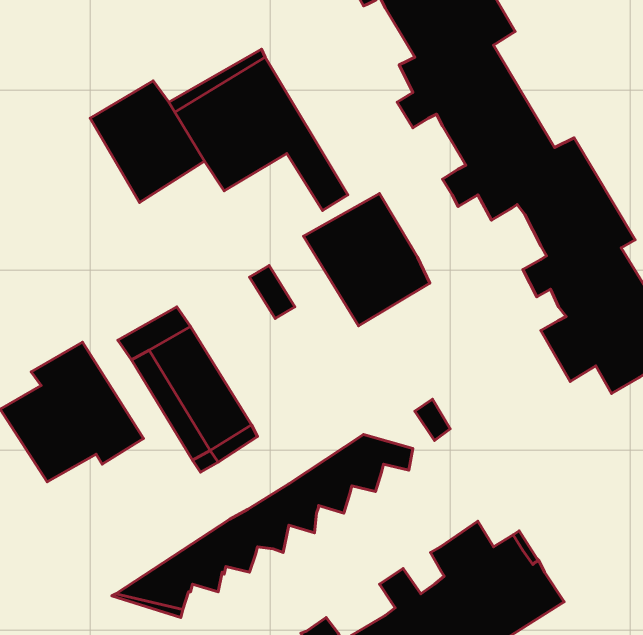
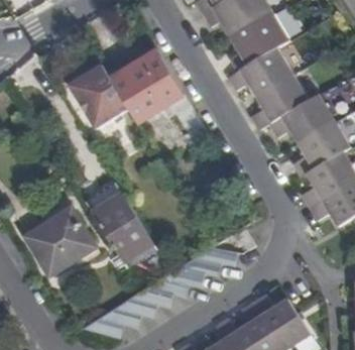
building: [303,193,430,326] -> none

